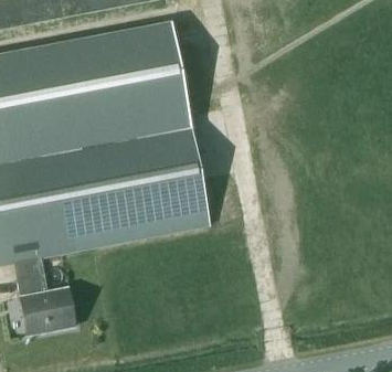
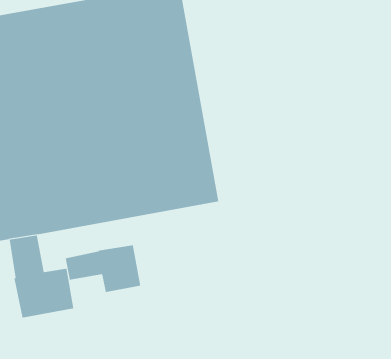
building: none -> [65,244,141,293]

